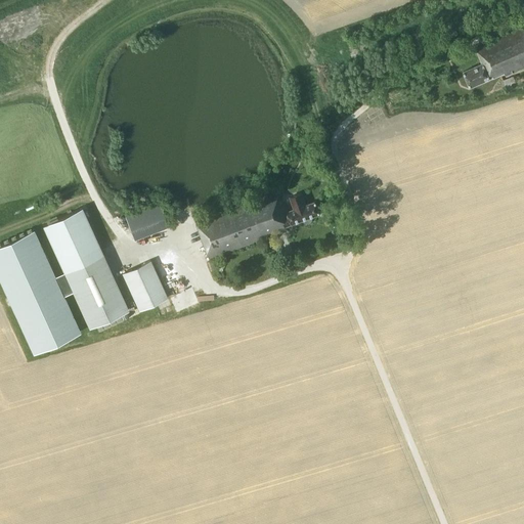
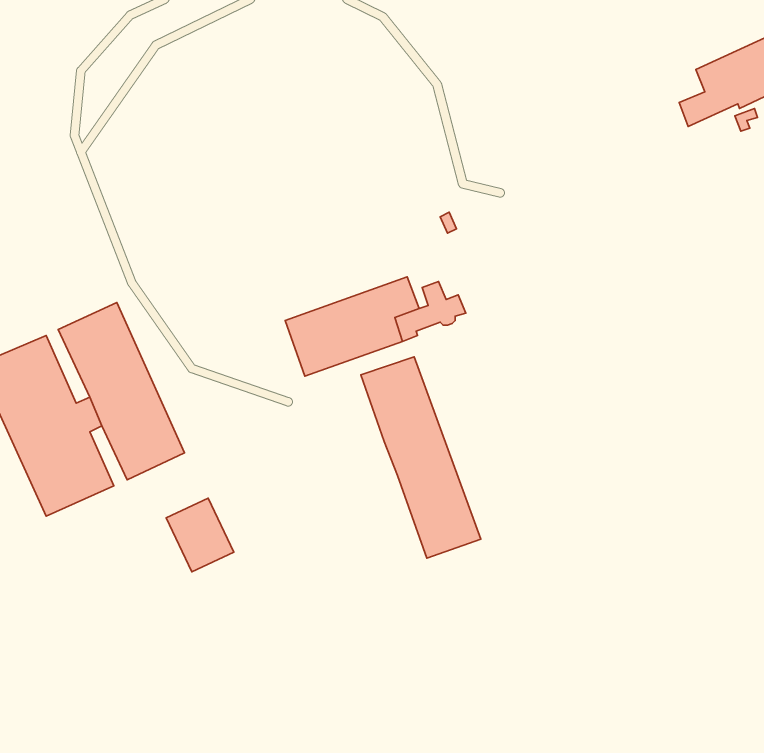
building: [125,205,168,242] -> none
building: none -> [361,357,481,558]
building: [122,262,168,312] -> [166,498,234,572]

